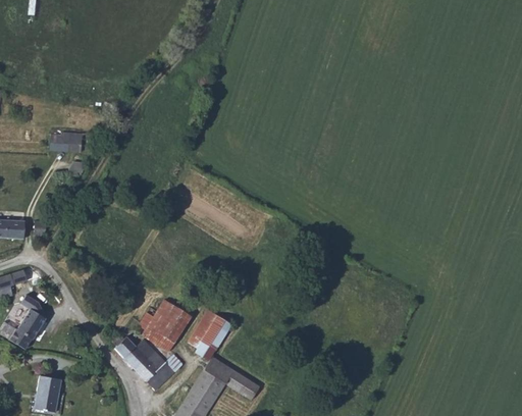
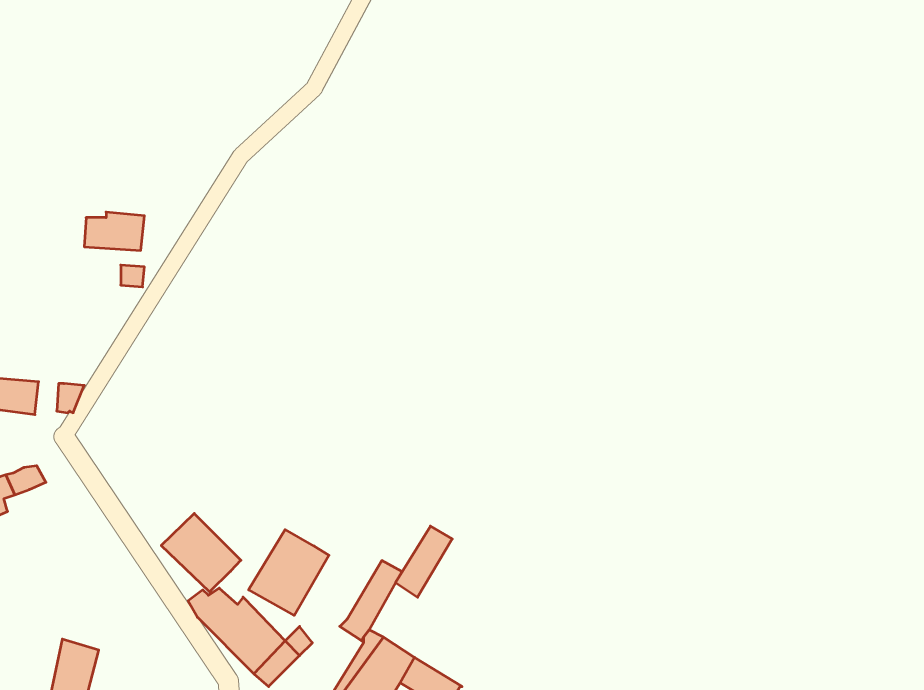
building: none -> [161,513,241,592]
building: [9,307,39,347] -> none
building: [187,312,218,352] -> [396,526,452,597]

